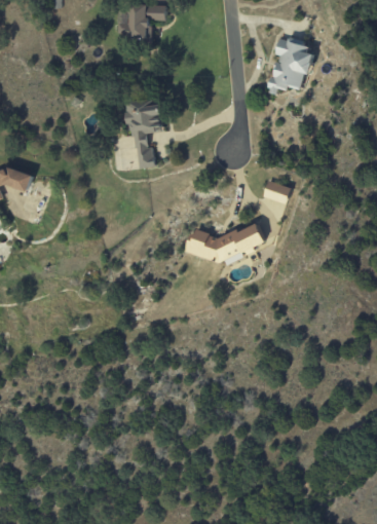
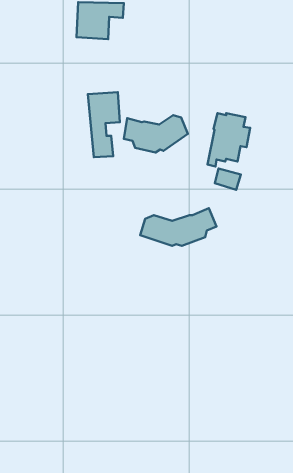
building: [268,37,313,93] -> [208,113,250,166]
building: none -> [124,115,188,153]

